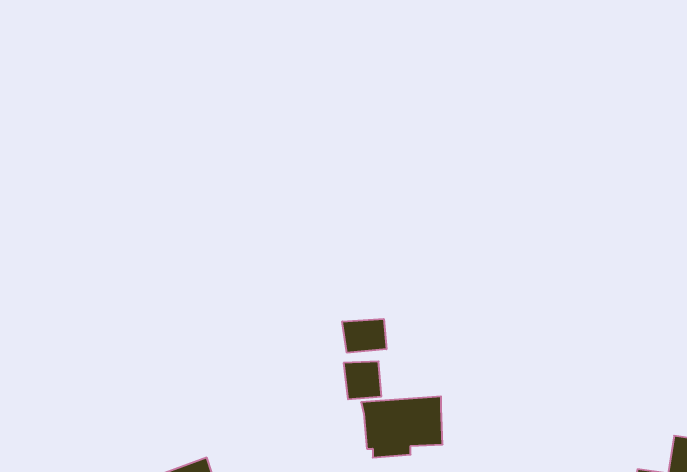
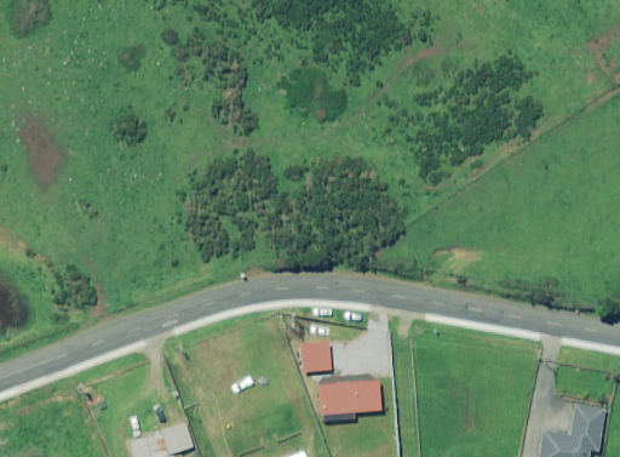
building: [342,319,386,353] -> none

